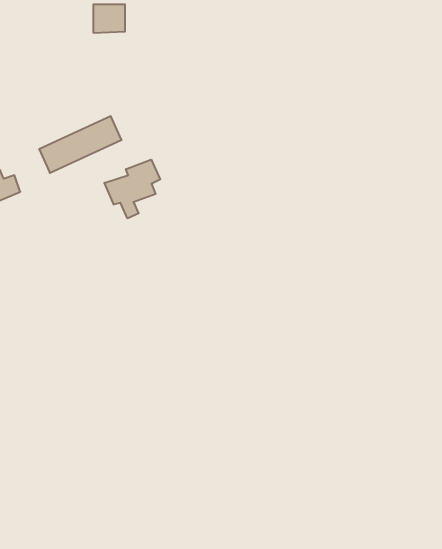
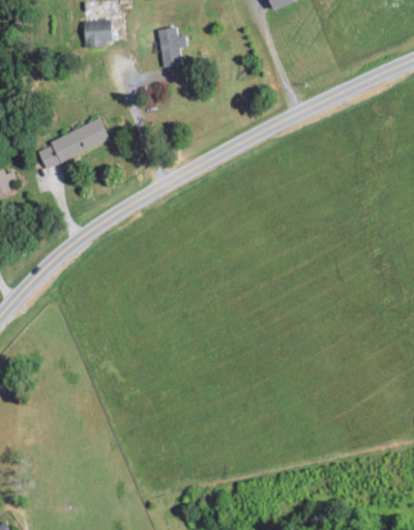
building: none -> [157,26,187,68]
building: [104,160,160,218] -> none

